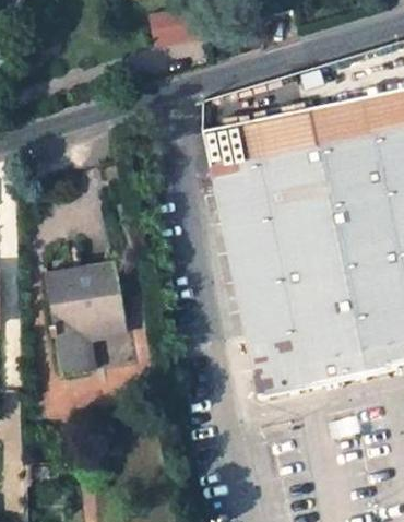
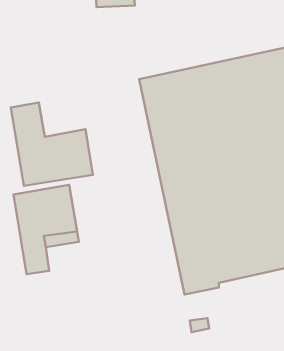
building: none -> [11,103,93,186]

